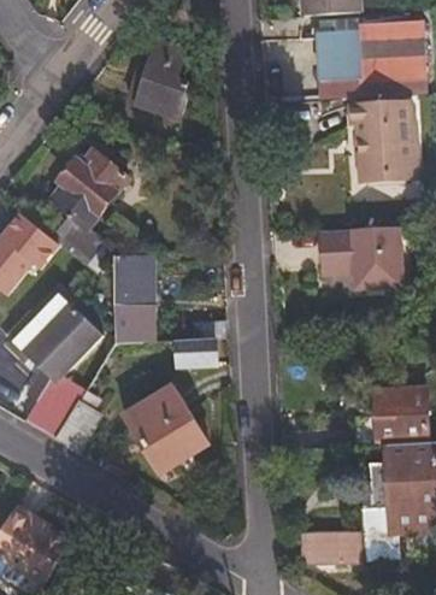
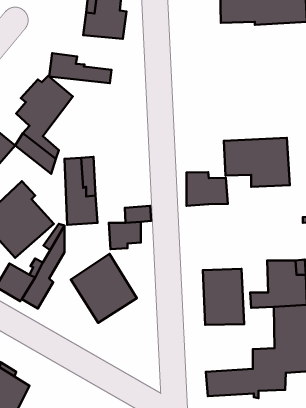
building: [347,106,414,183] -> none
building: none -> [49,53,111,83]
building: none -> [186,172,228,206]
building: none -> [203,269,244,325]

